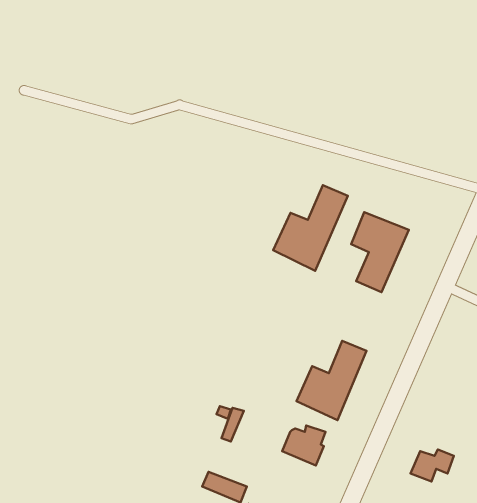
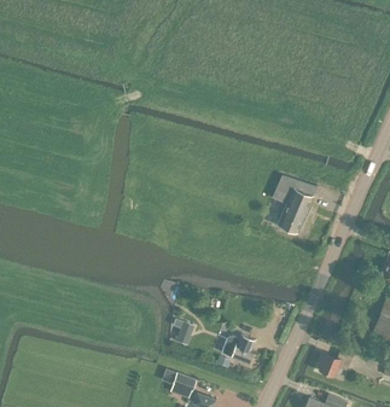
building: [273,185,348,271] -> none
building: [296,341,366,420] -> none

